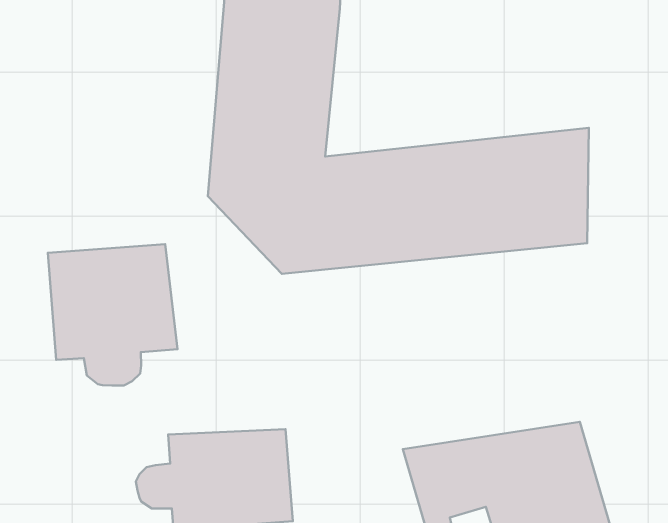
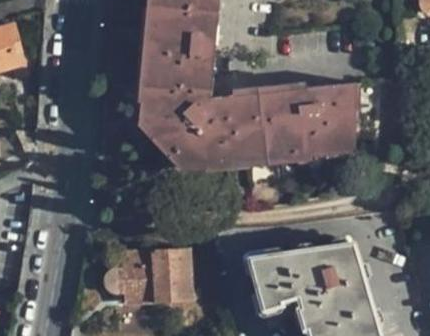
building: [48,244,178,386] -> none

